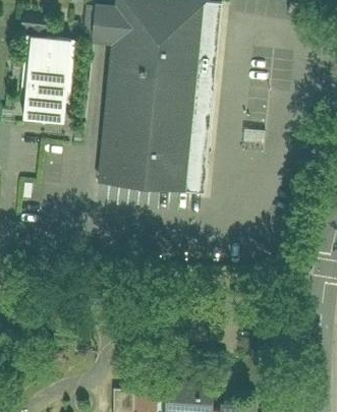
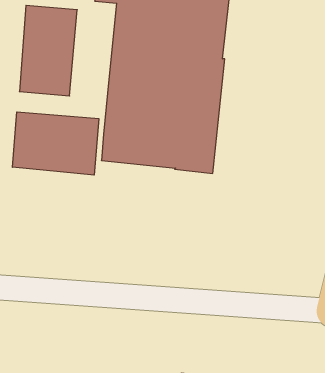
building: none -> [12,112,99,175]

